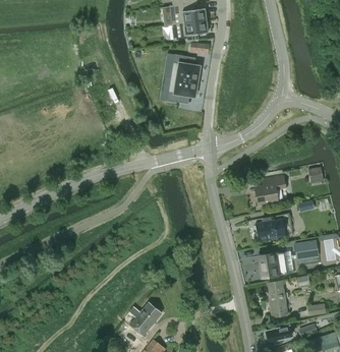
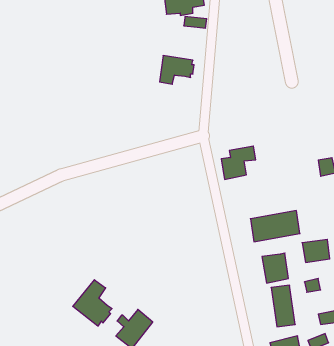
building: [170,55,201,81] -> none
building: [254,176,285,206] -> [221,146,256,179]
building: none -> [73,280,112,326]

